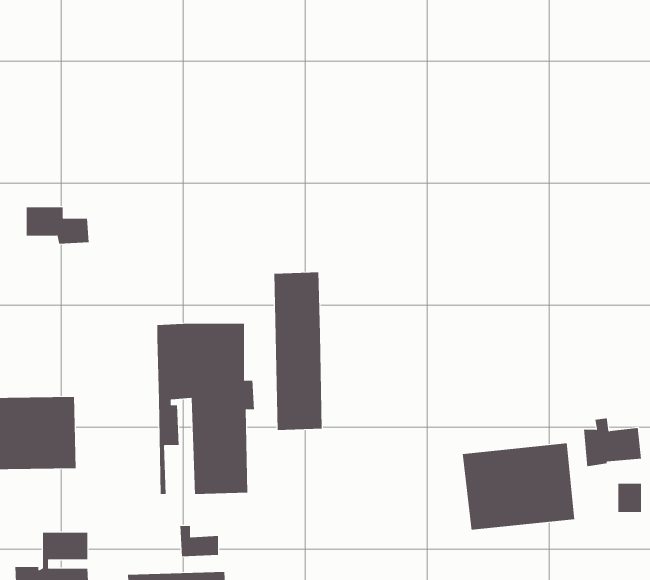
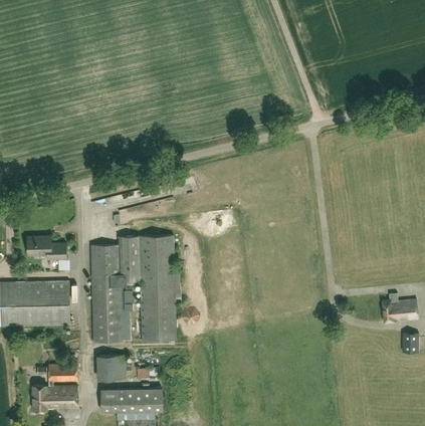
building: [26,207,90,244] -> [27,236,66,259]
building: [274,272,323,430] -> [90,244,121,342]
building: [462,442,575,531] -> none
building: none -> [97,355,124,380]

